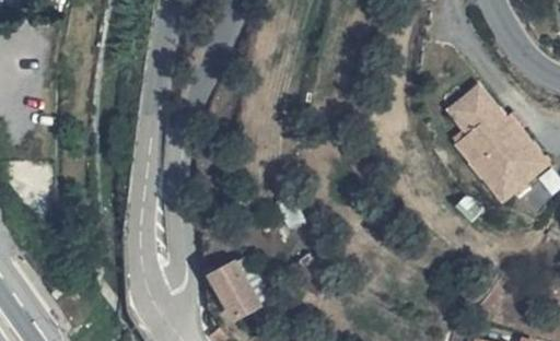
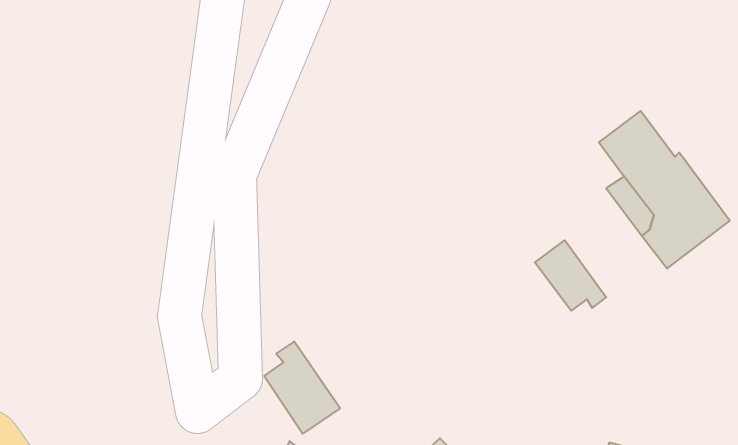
building: none -> [535,240,606,311]

